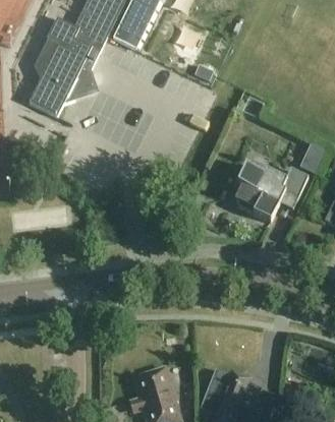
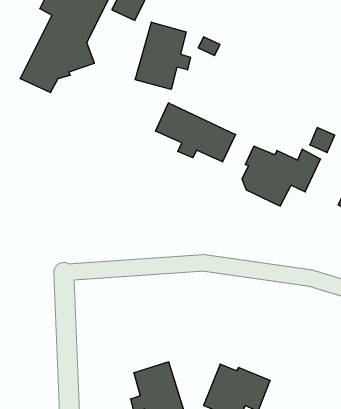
building: none -> [135,22,190,89]
building: none -> [156,103,236,162]

